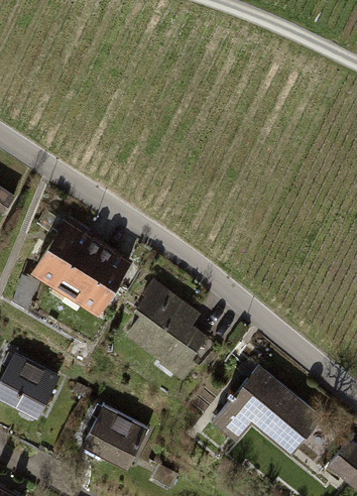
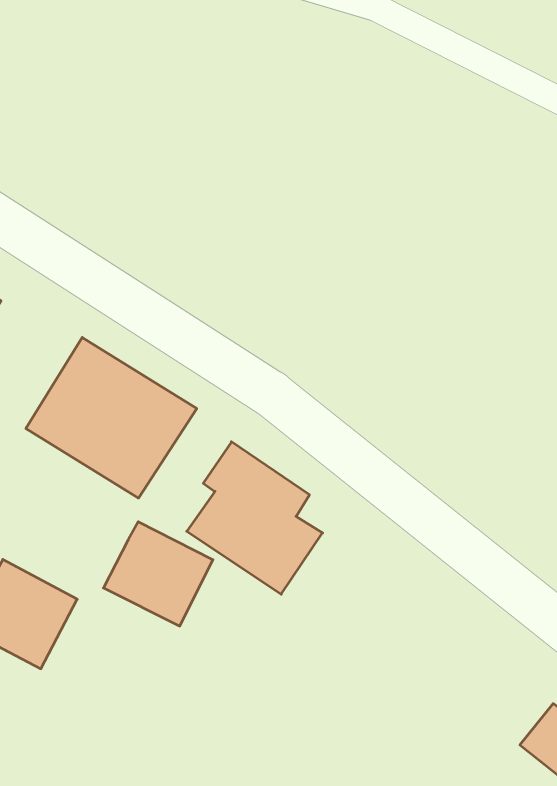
building: [216,366,317,438] -> none
building: [82,406,148,470] -> [103,522,213,626]

